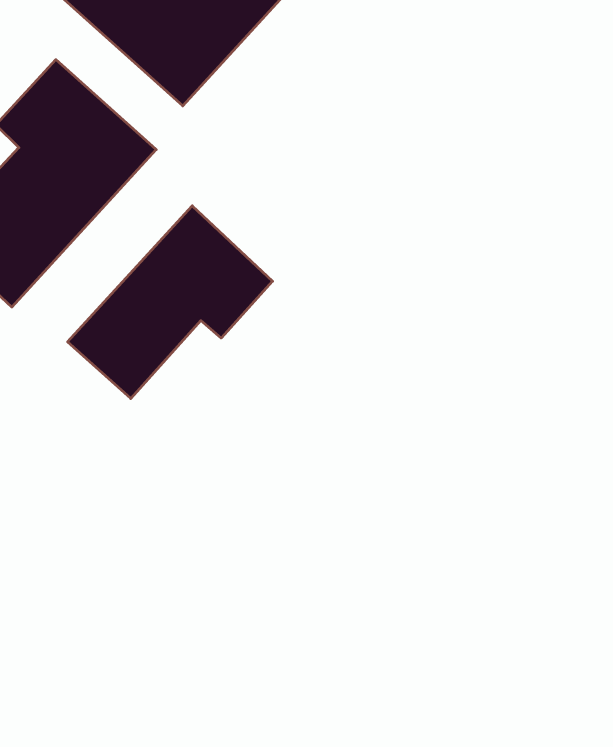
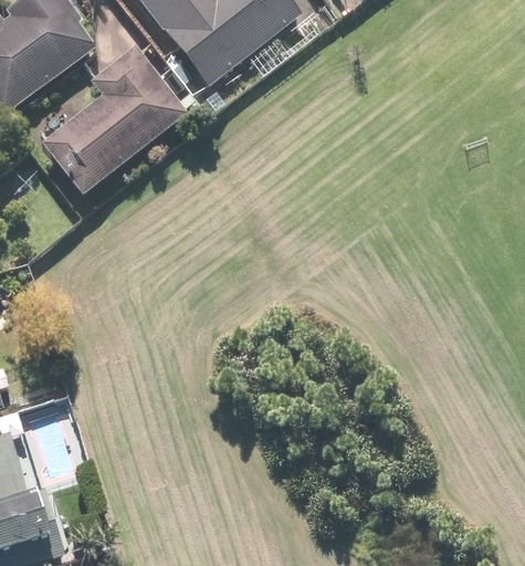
building: [68,206,273,399] -> none

